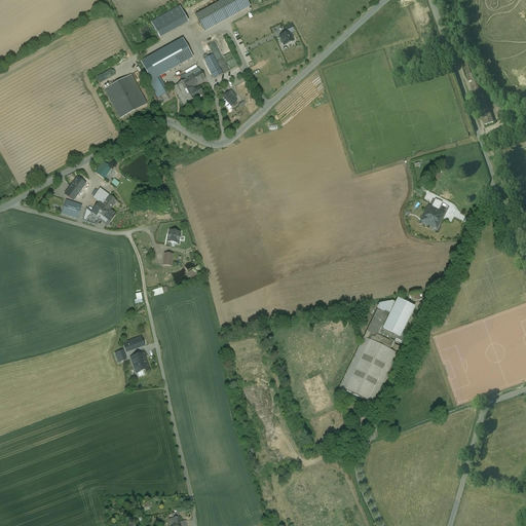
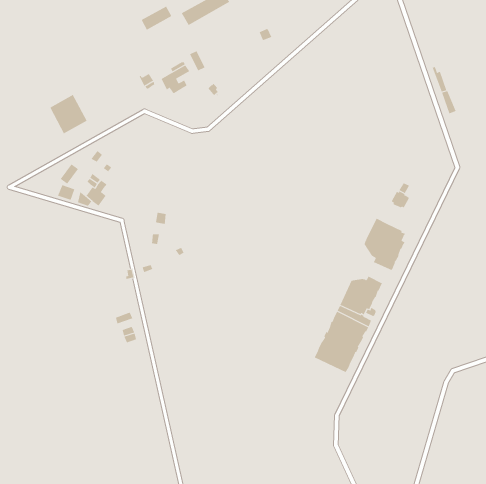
building: [141,38,193,79] -> none
building: [105,74,146,117] -> [49,94,87,134]
building: none -> [364,218,406,271]

